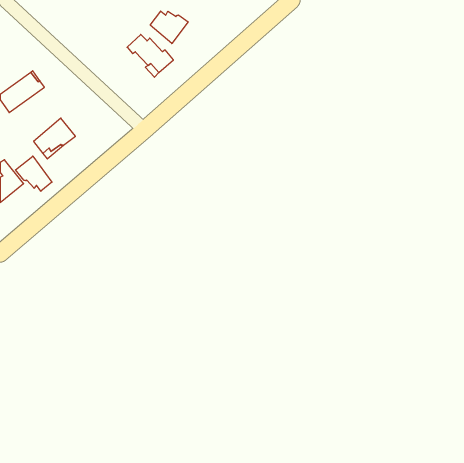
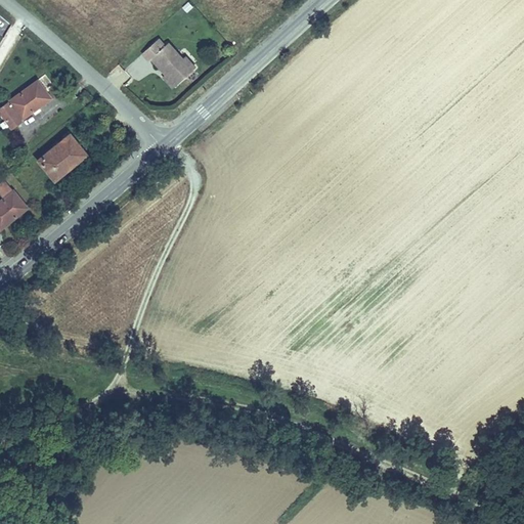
building: [150,11,188,44] -> none
building: [15,156,52,191] -> none

